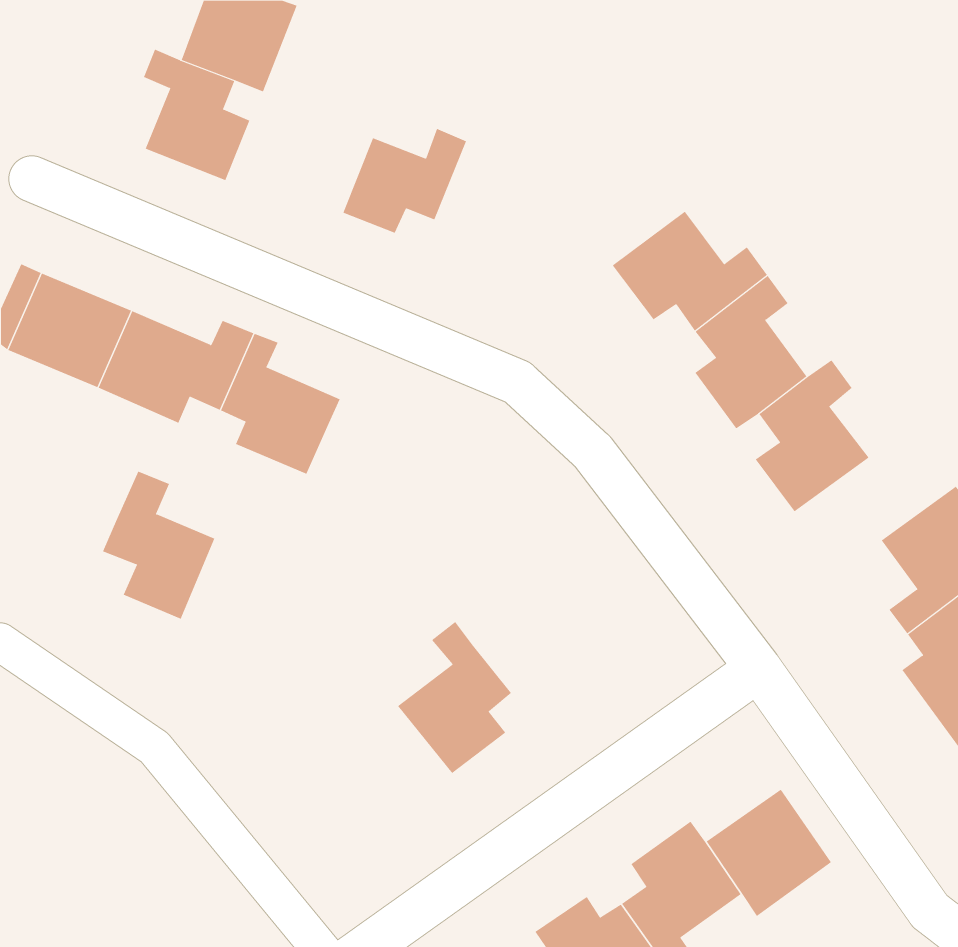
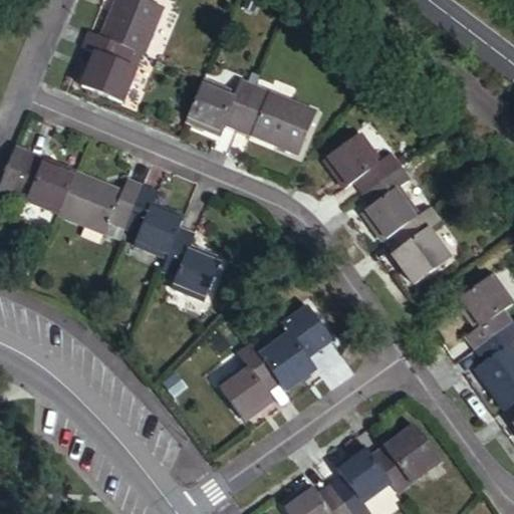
building: none -> [234,83,307,149]
building: [102,471,215,619] -> [159,234,219,313]
building: none -> [254,299,326,389]

